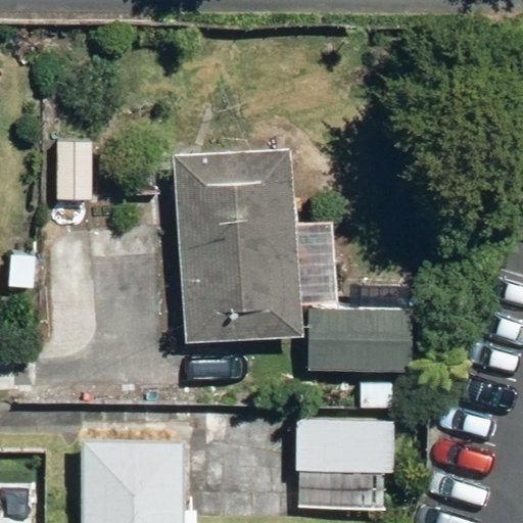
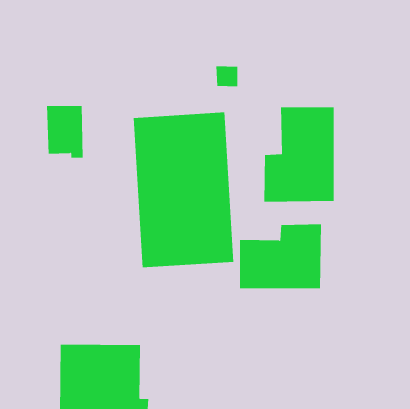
building: none -> [264,107,334,202]
building: [295,422,393,511] -> none

